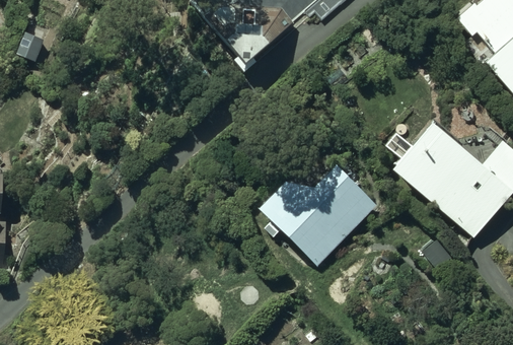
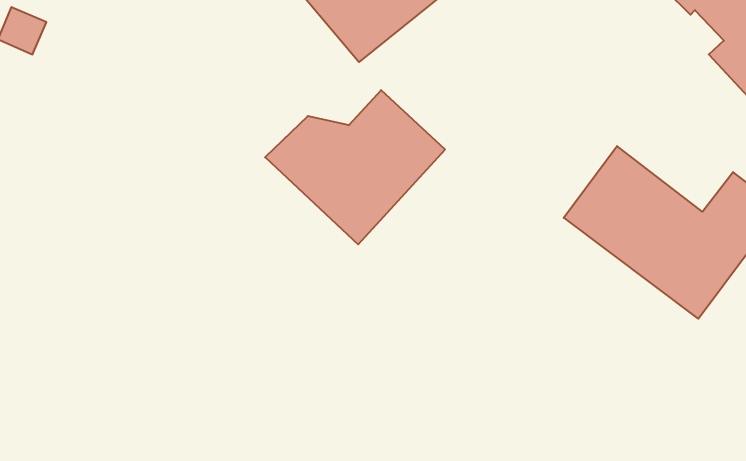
building: [259,163,378,266] -> [265,90,445,244]

